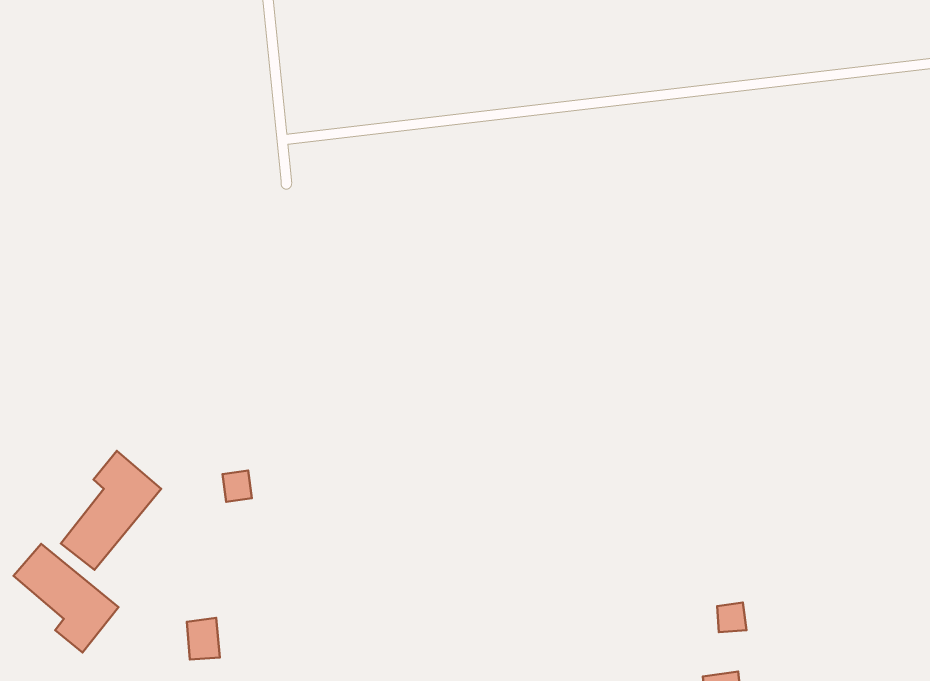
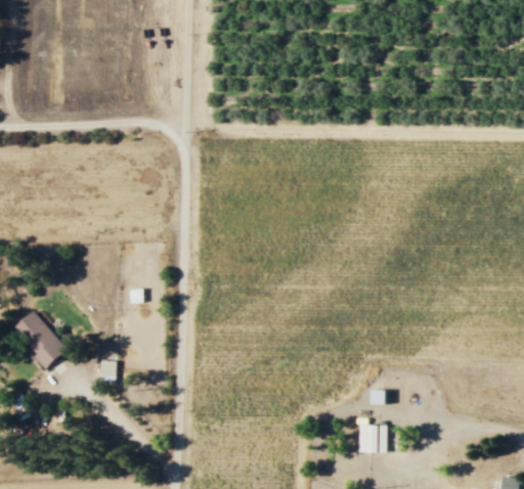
building: [61,451,161,570] -> none

